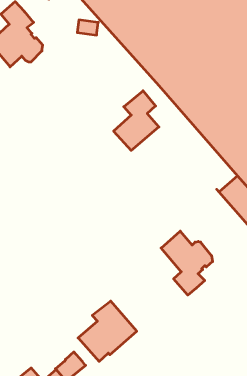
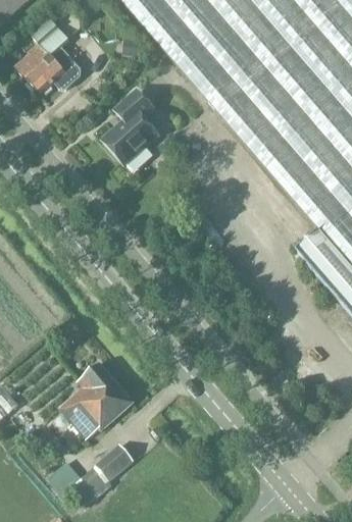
building: [114,91,159,150] -> [103,90,158,162]
building: [161,231,213,295] -> none
building: [78,301,137,361] -> [62,364,134,437]

